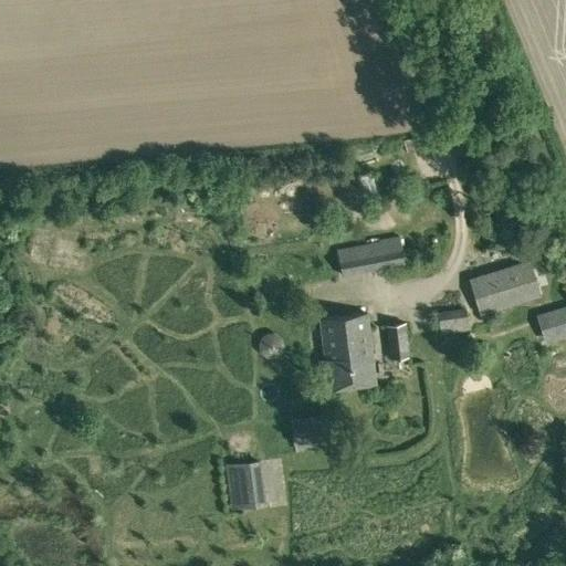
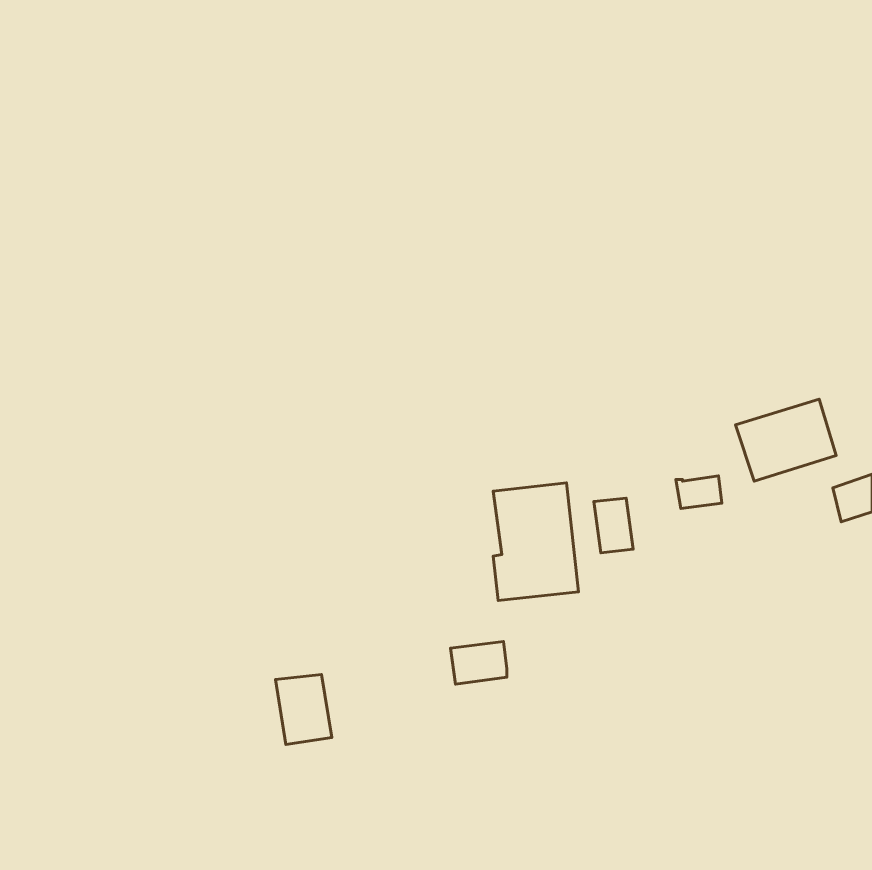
building: [337,241,405,276] -> none
building: [231,463,268,509] -> [275,674,332,744]

